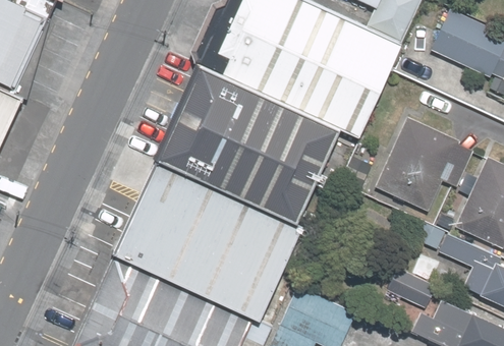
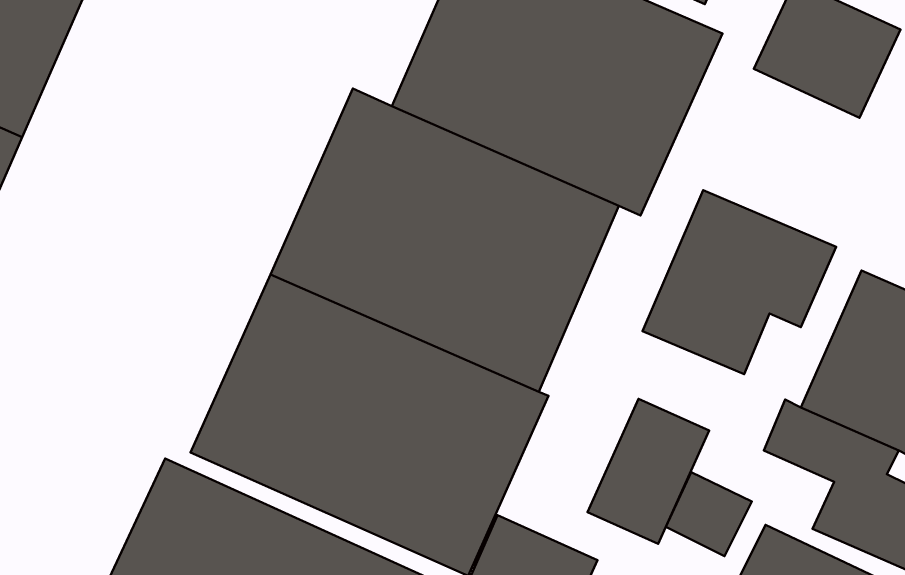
building: none -> [588,399,709,544]

